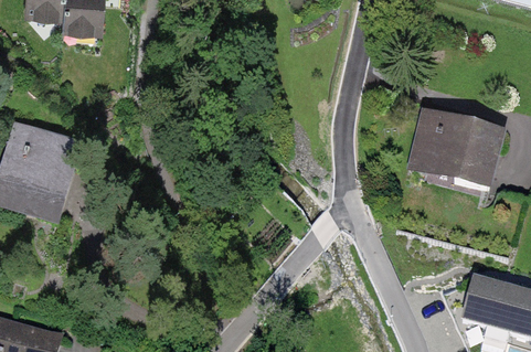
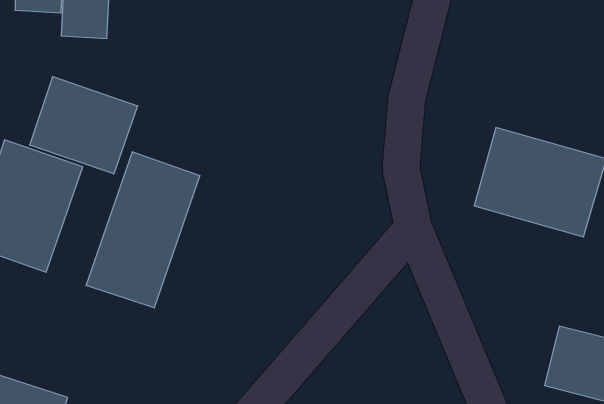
building: none -> [30,76,138,174]
building: none -> [86,152,200,308]

